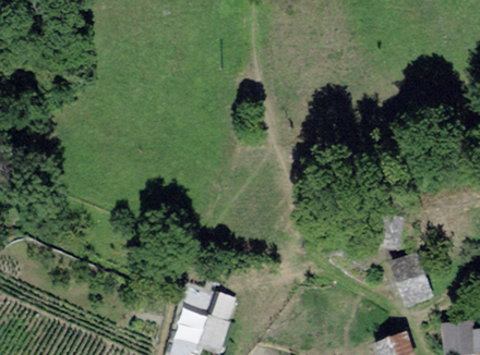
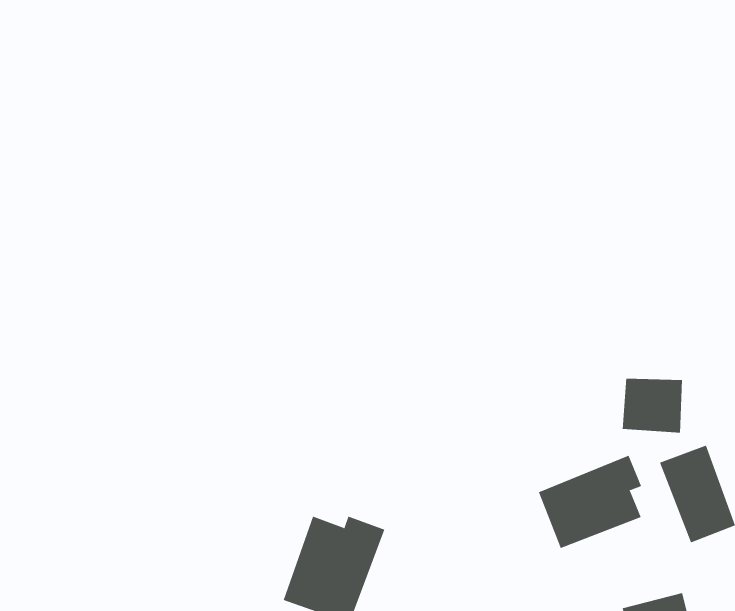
building: none -> [538,455,642,549]

